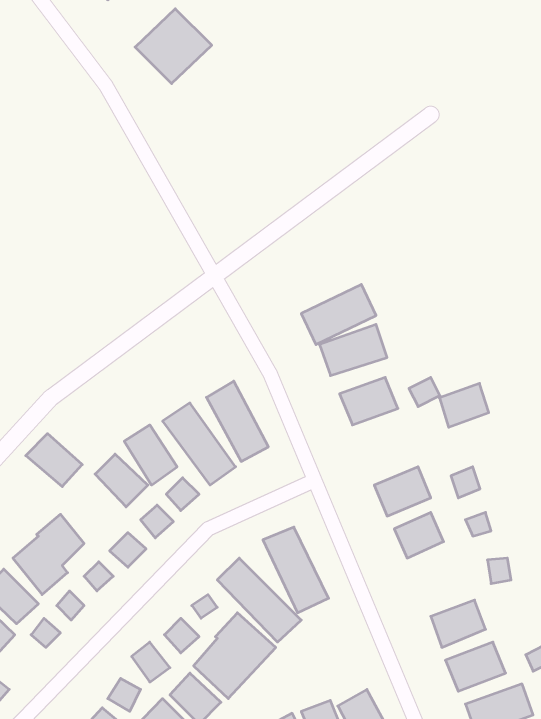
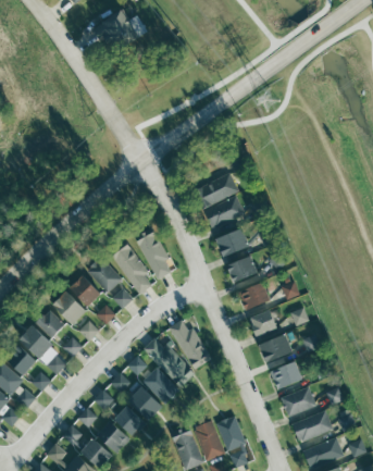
building: [439,383,489,427] -> [228,256,258,282]
building: [26,434,82,487] -> [53,292,87,323]
building: none -> [260,333,294,363]

